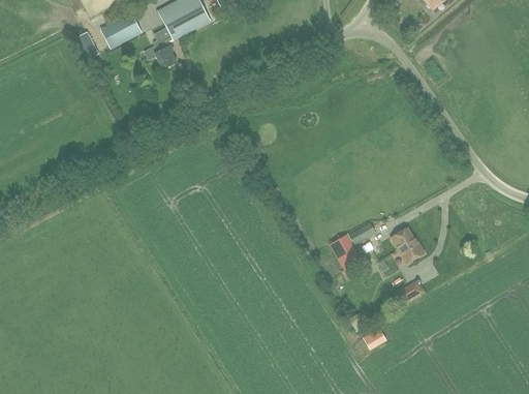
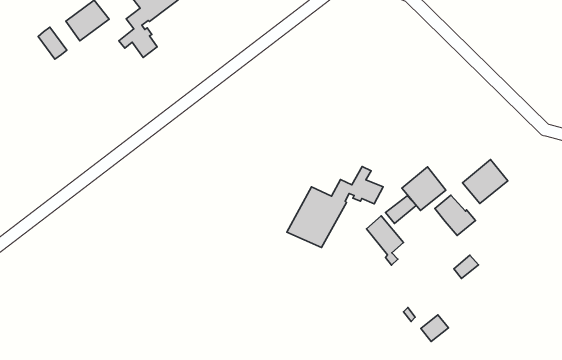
building: none -> [287,167,383,248]
building: none -> [402,167,446,210]
building: none -> [462,159,508,203]

